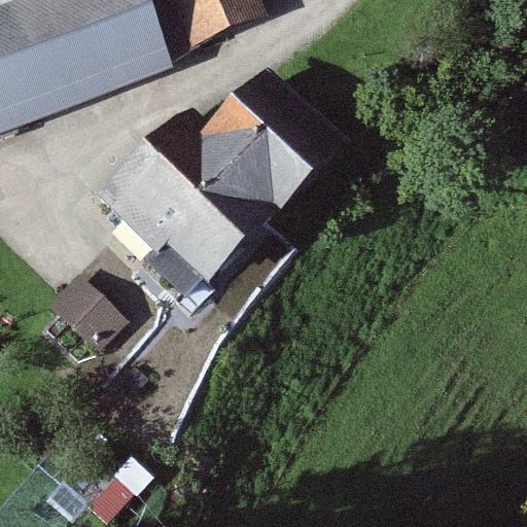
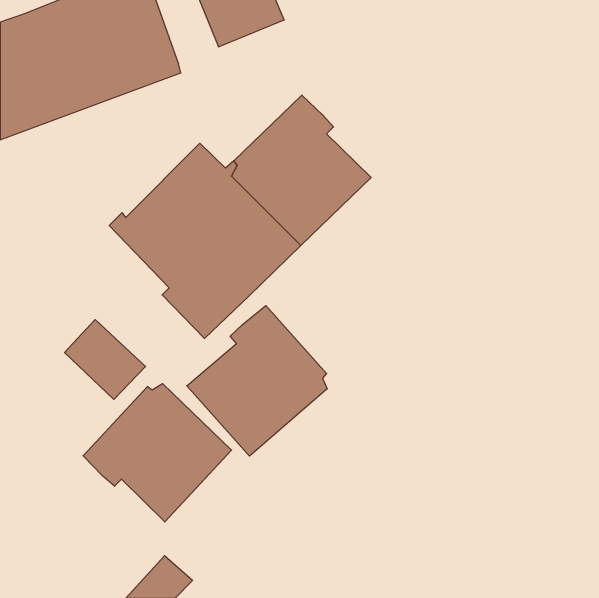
building: none -> [187,306,327,456]
building: none -> [83,384,232,522]

